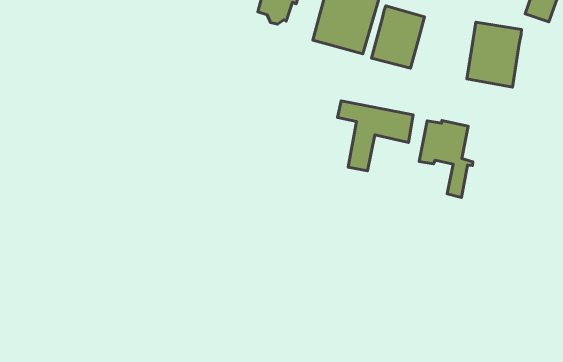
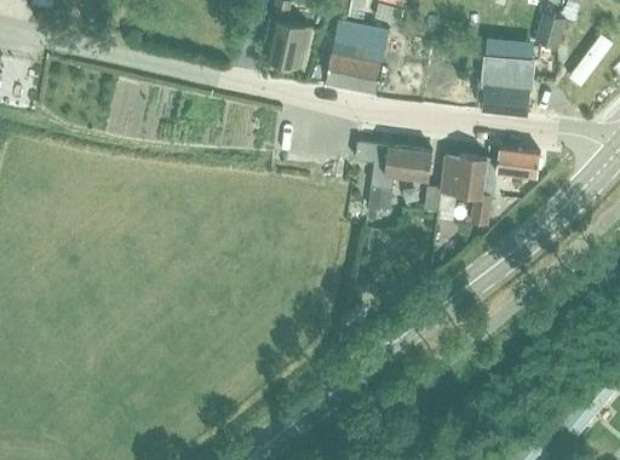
building: [371,6,425,68] -> none
building: none -> [483,149,540,194]

